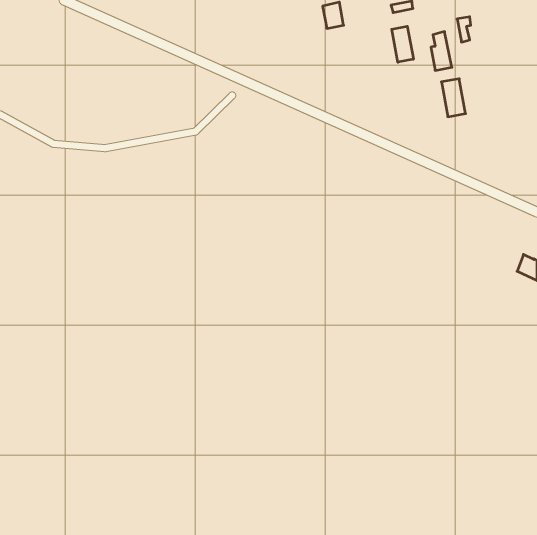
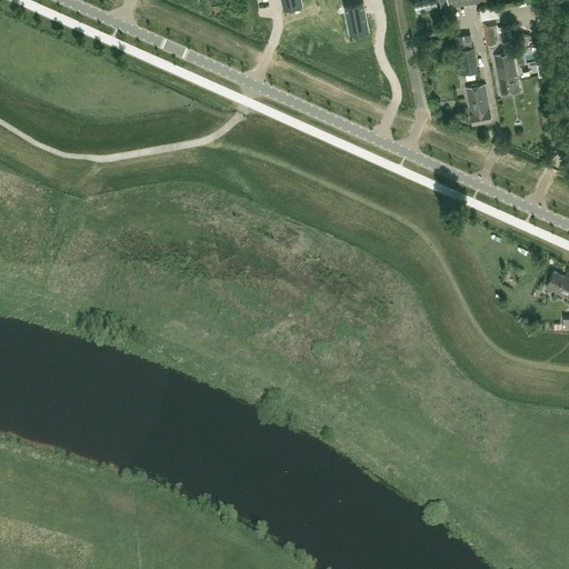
building: [392,26,413,62] -> none
building: none -> [495,54,520,97]

